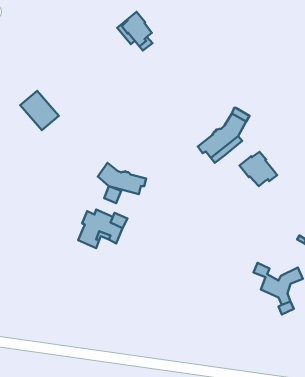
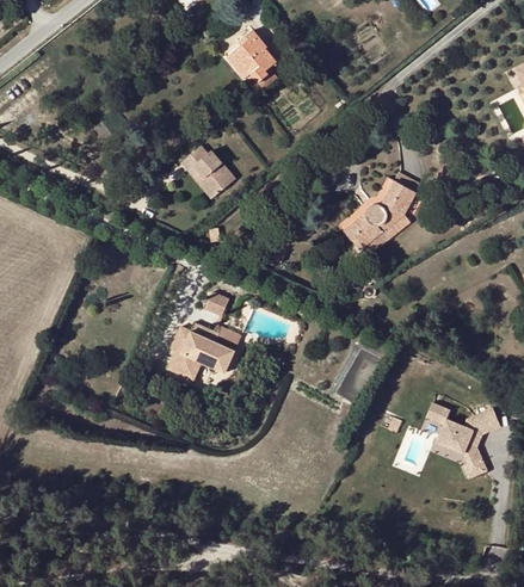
building: [20,91,59,130] -> [178,141,235,199]
building: [240,152,277,186] -> none
building: [98,163,146,194] -> none

